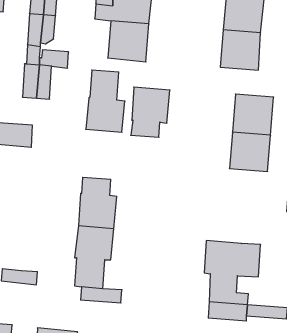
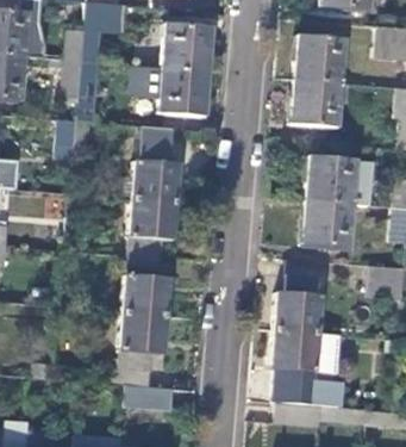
building: [131,87,170,137] -> [130,198,176,257]
building: none -> [276,273,320,334]

